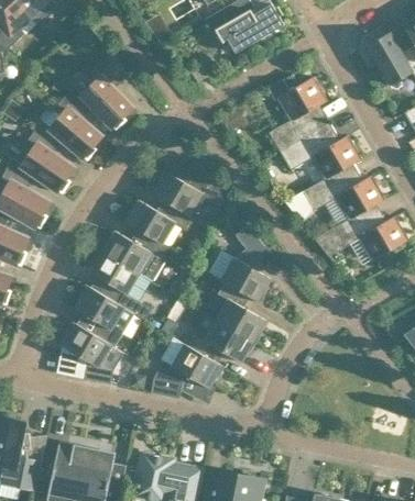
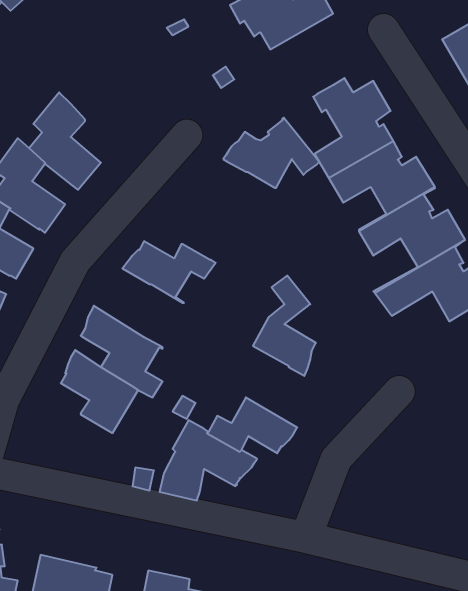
building: [81,54,134,131] -> none
building: [149,160,222,214] -> [223,118,319,188]
building: [99,231,167,281] -> none
building: [216,280,264,343] -> none
building: [62,321,123,385] -> none

